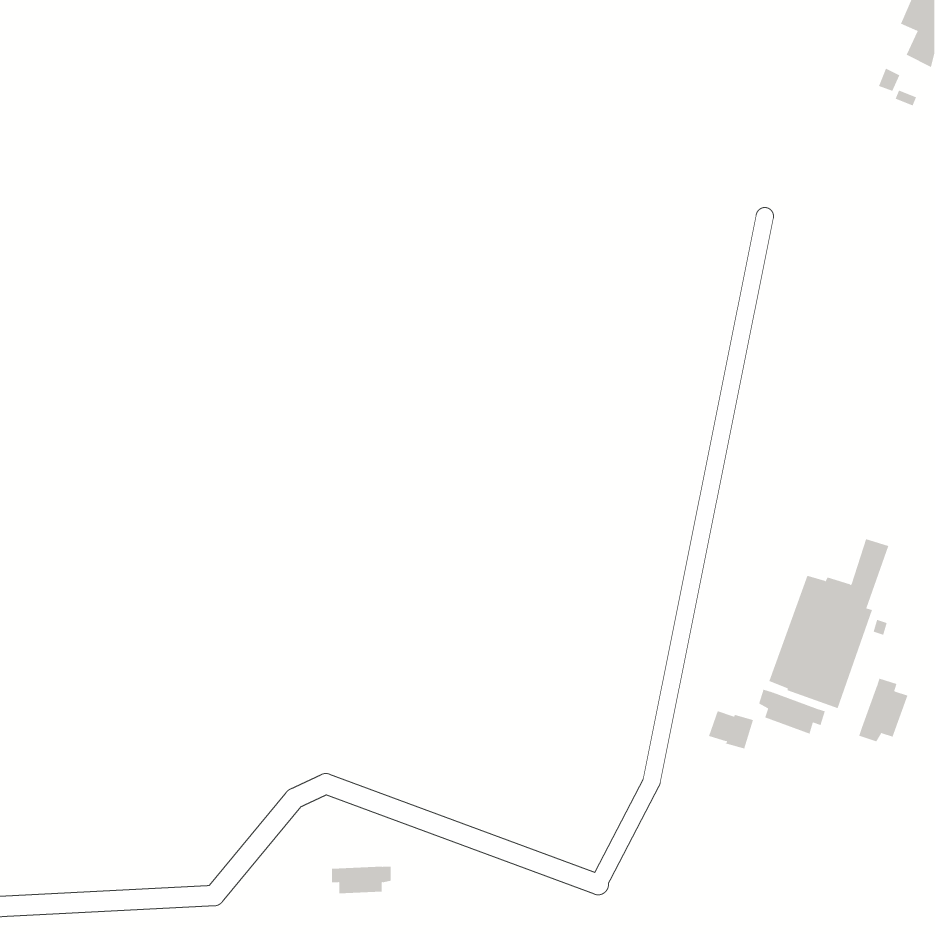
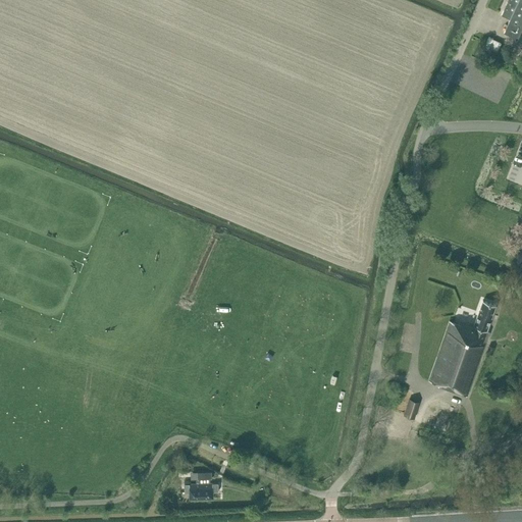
building: [859,678,908,742] -> none
building: [758,689,826,734] -> none

